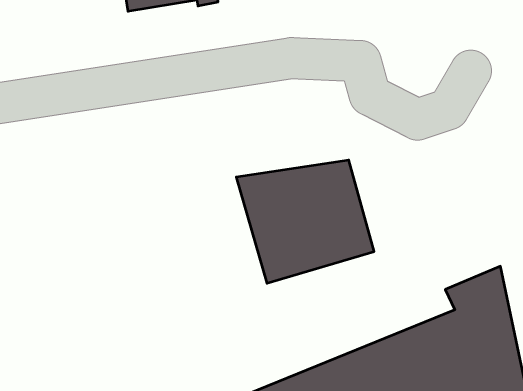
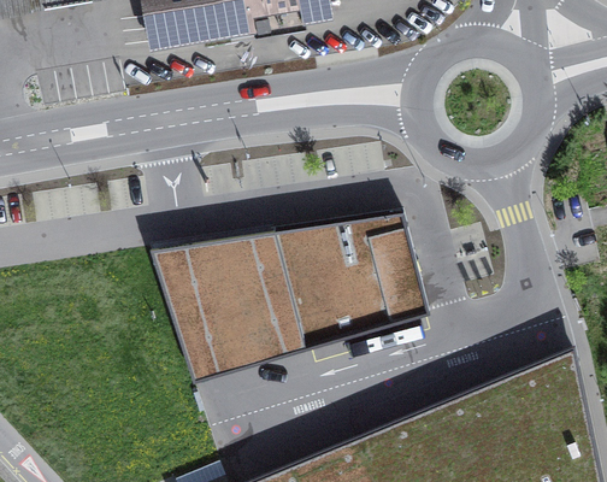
building: none -> [149,231,306,386]

